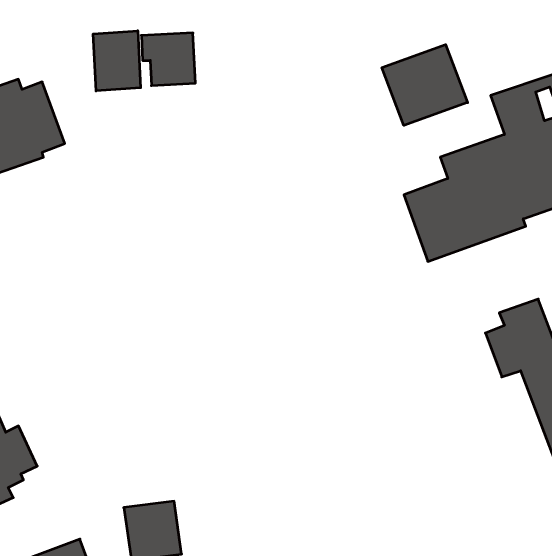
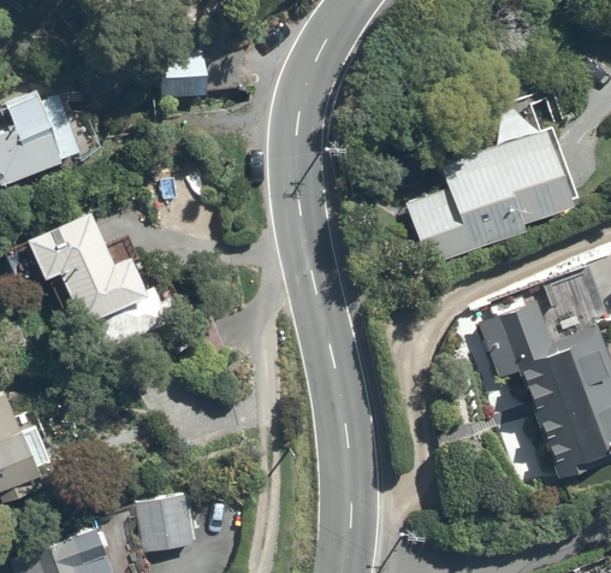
building: [93,31,141,91] -> none
building: [382,45,468,125] -> none
building: none -> [28,214,170,352]

